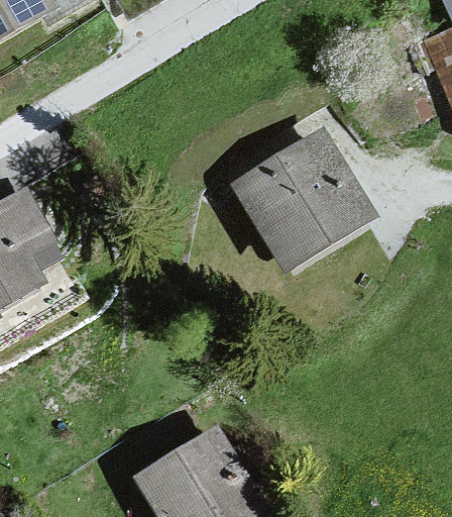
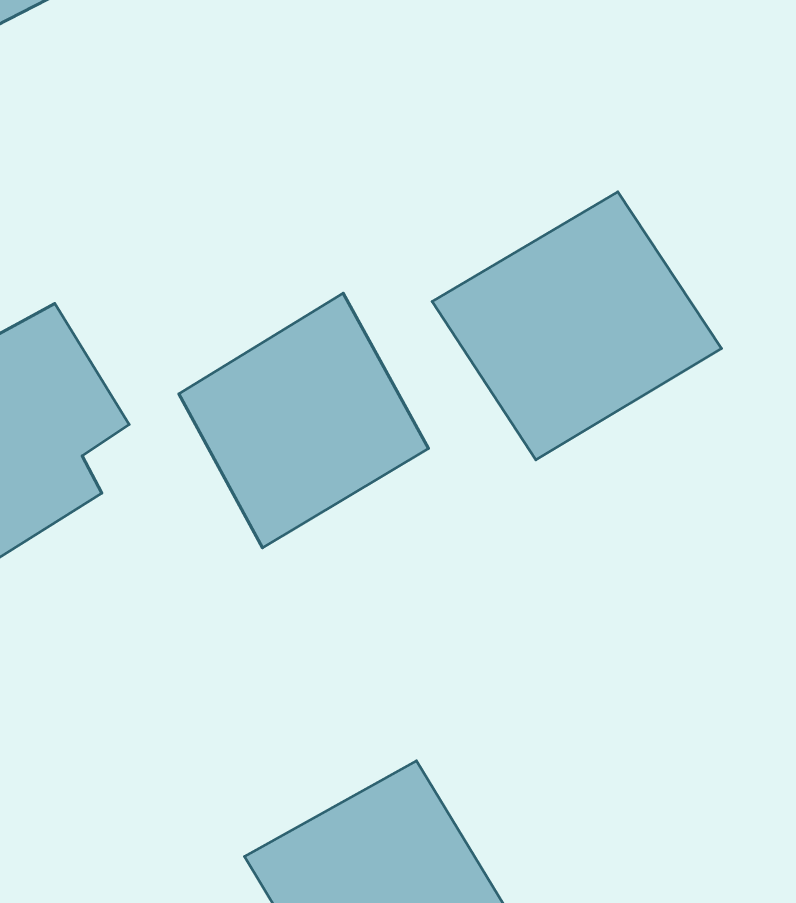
building: none -> [179,293,428,548]

